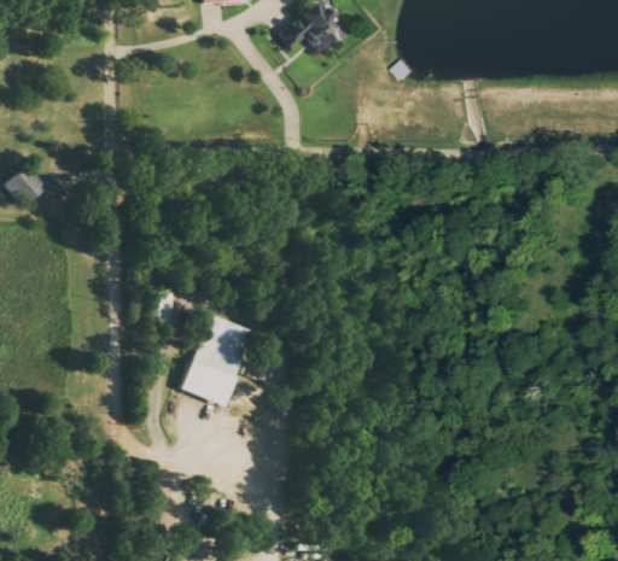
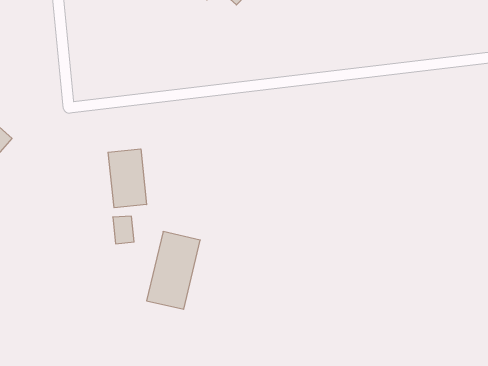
building: none -> [108,149,147,208]

